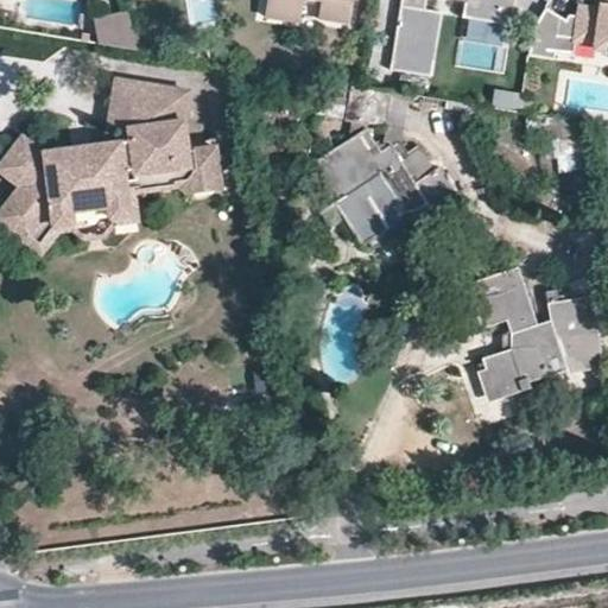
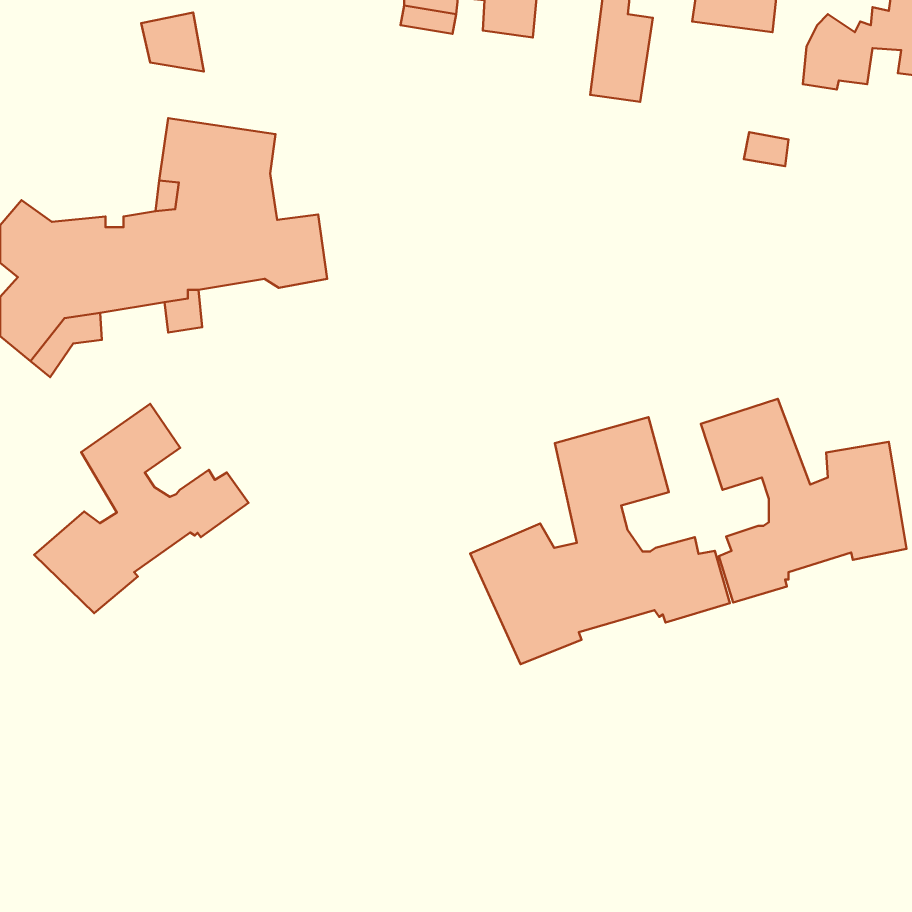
building: [317,127,460,246] -> none
building: none -> [34,404,248,613]
building: none -> [470,417,730,664]

